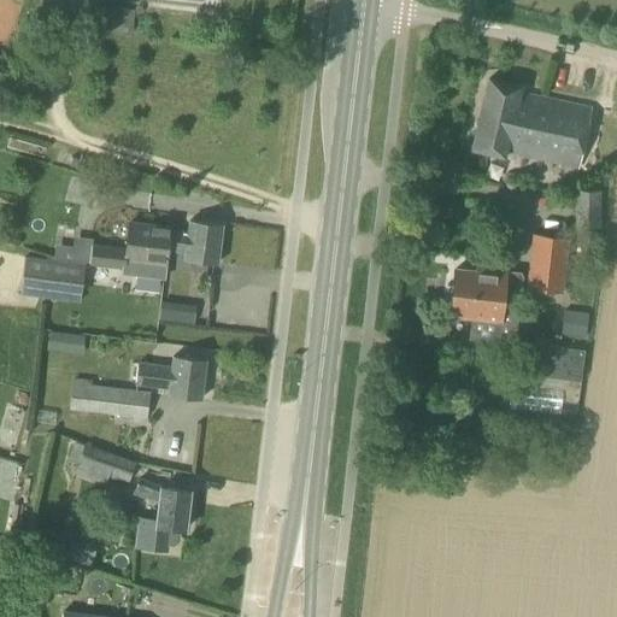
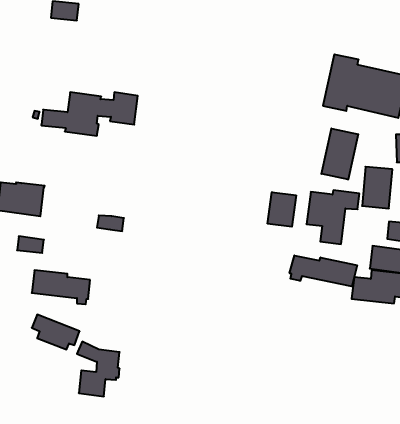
building: none -> [321,128,358,180]
building: [89,221,223,281] -> [41,92,138,136]
building: none -> [268,192,296,227]
building: [136,355,206,400] -> none
building: none -> [290,255,357,286]

